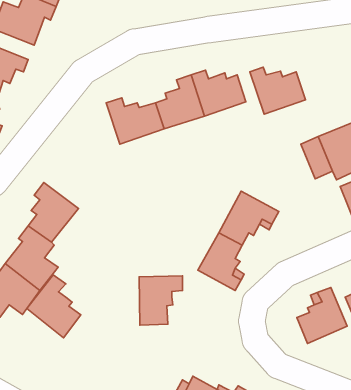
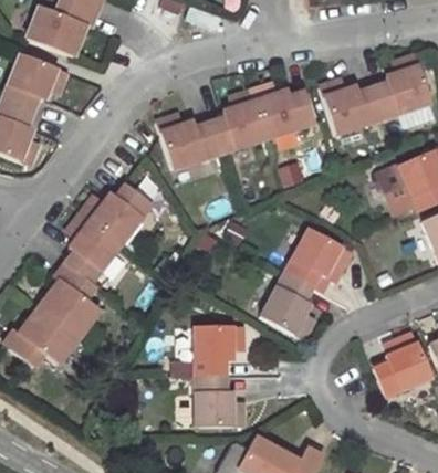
building: none -> [374,55,432,119]
building: none -> [84,185,154,244]
building: [27,275,81,338] -> none
building: none -> [195,377,246,427]

